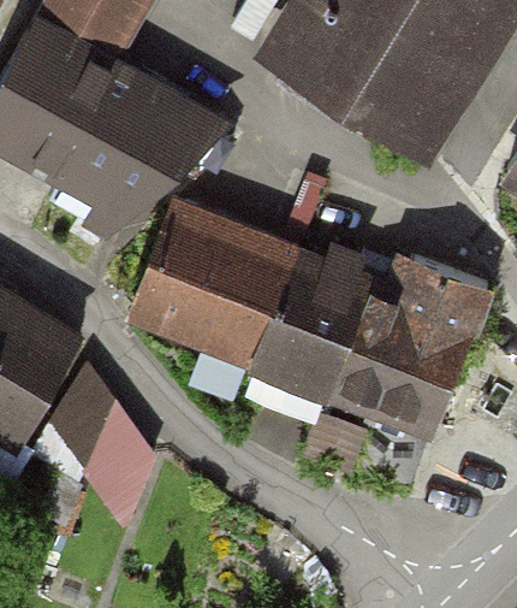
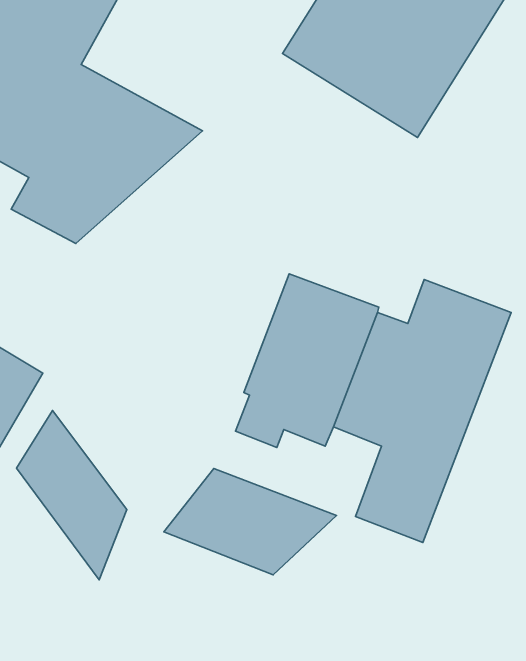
building: [138,207,296,355] -> none
building: none -> [164,468,336,575]

